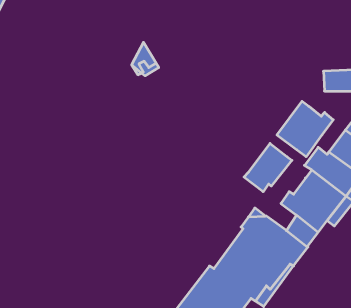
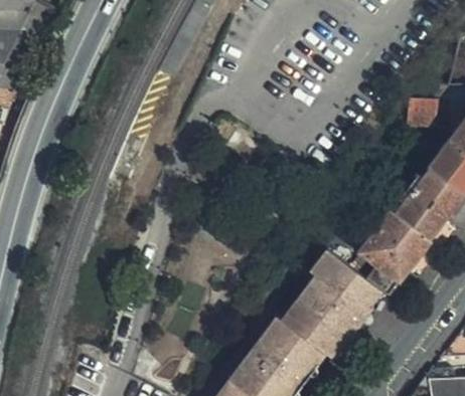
building: [277,101,333,157] -> none
building: [244,143,292,192] -> none

